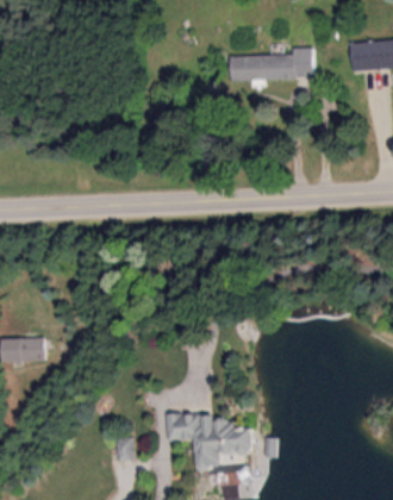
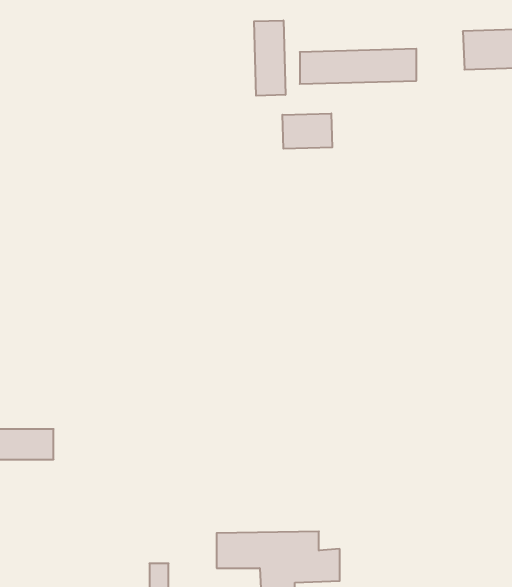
building: none -> [254,20,285,96]
building: none -> [282,113,332,149]

